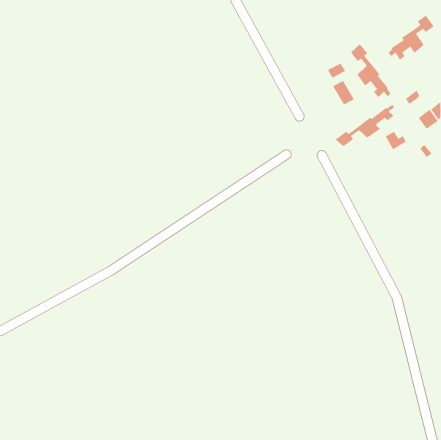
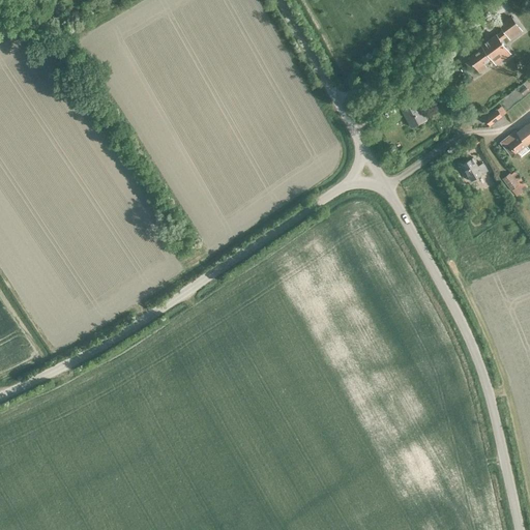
building: [350,43,391,98] -> none
building: [335,104,395,148] -> none

